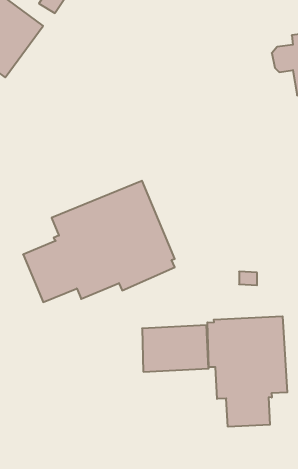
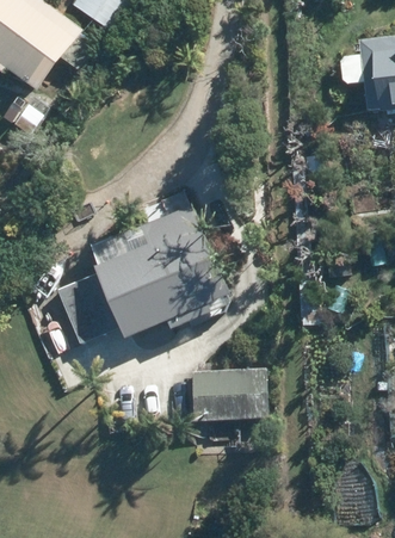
building: [207,316,287,427] -> none

